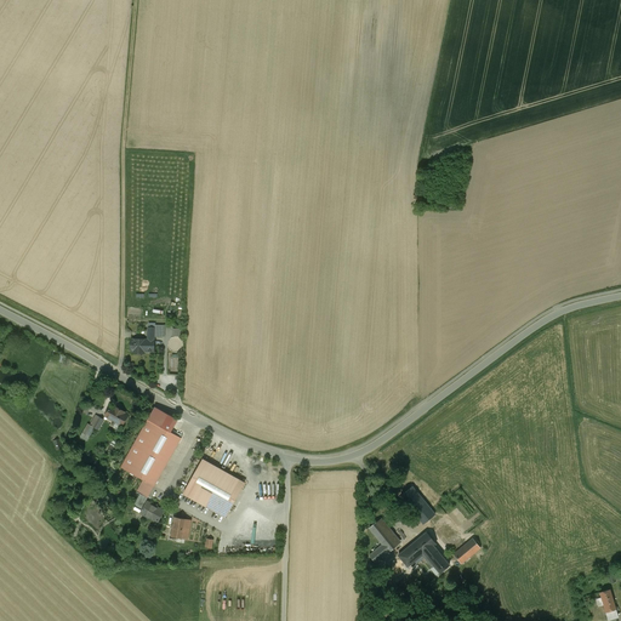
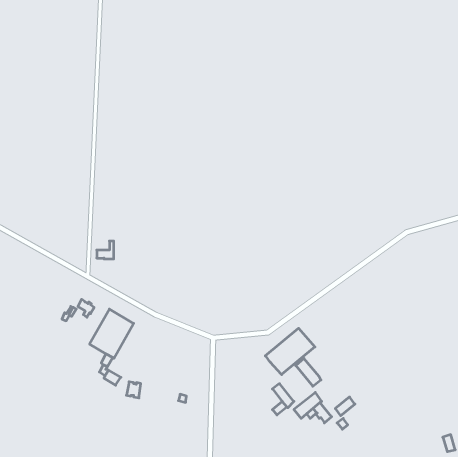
building: none -> [265,328,315,375]
building: [183,458,244,517] -> none

